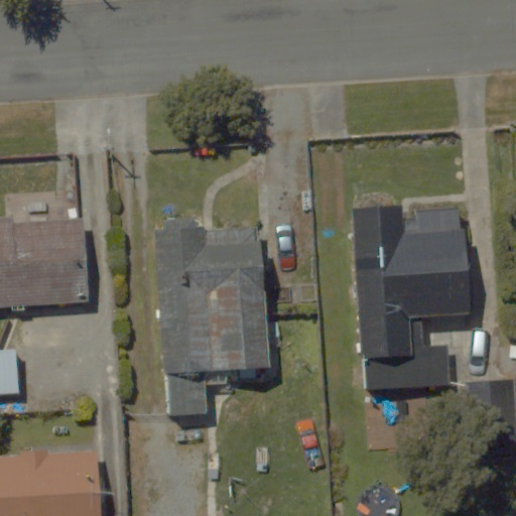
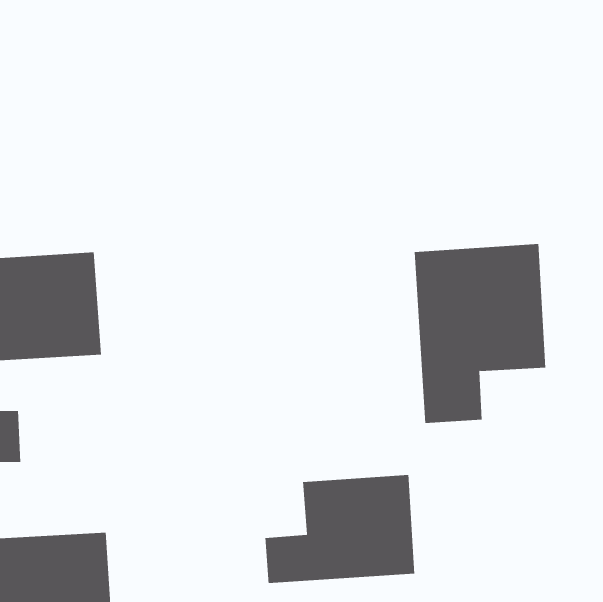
building: [156,221,272,382] -> none
building: none -> [265,474,415,584]

